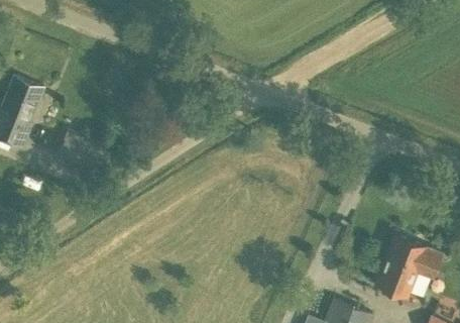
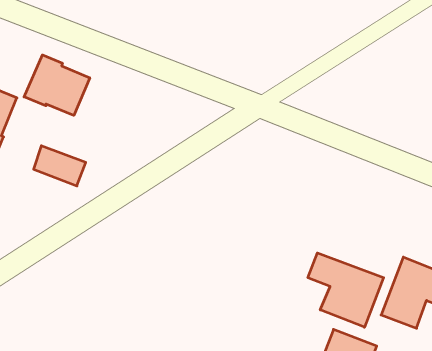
building: none -> [24,55,90,115]
building: none -> [308,253,384,327]

